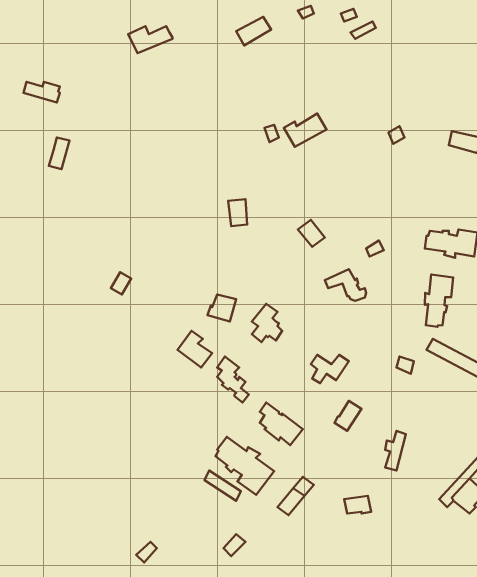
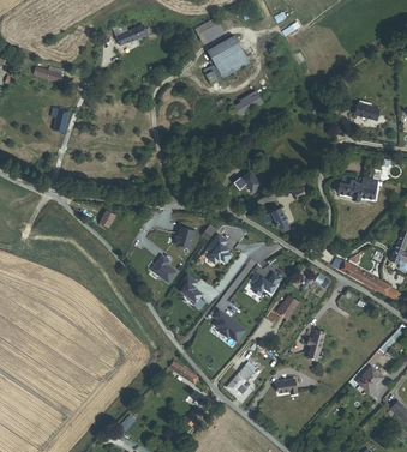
building: none -> [203,35,249,84]
building: [425,274,453,327] -> none
building: [216,437,274,495] -> none

